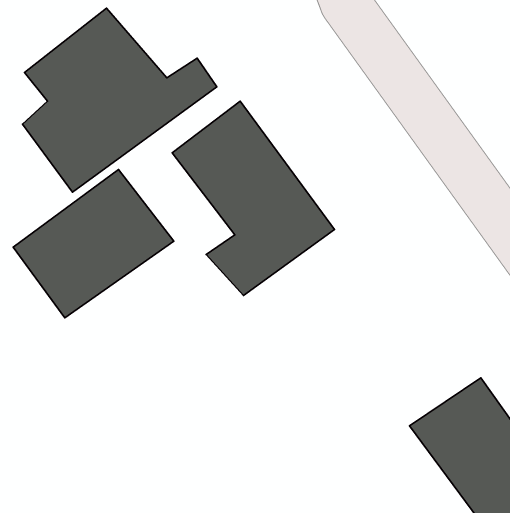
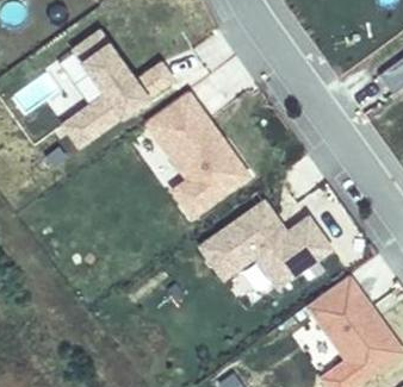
building: [13,169,174,318] -> none
building: none -> [196,196,334,292]

